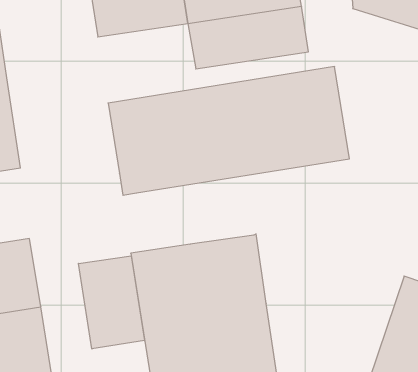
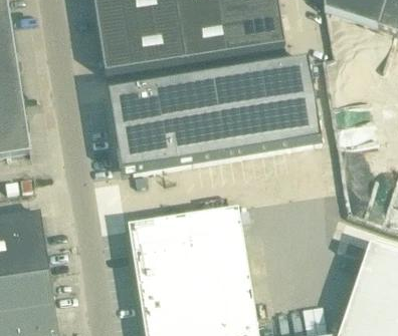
building: none -> [98,22,185,74]
building: [78,256,144,349] -> none

